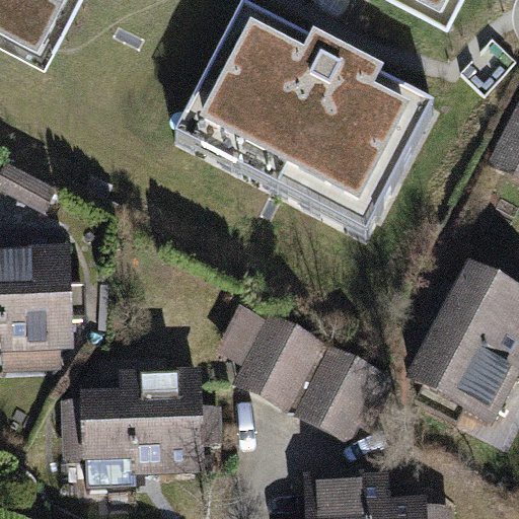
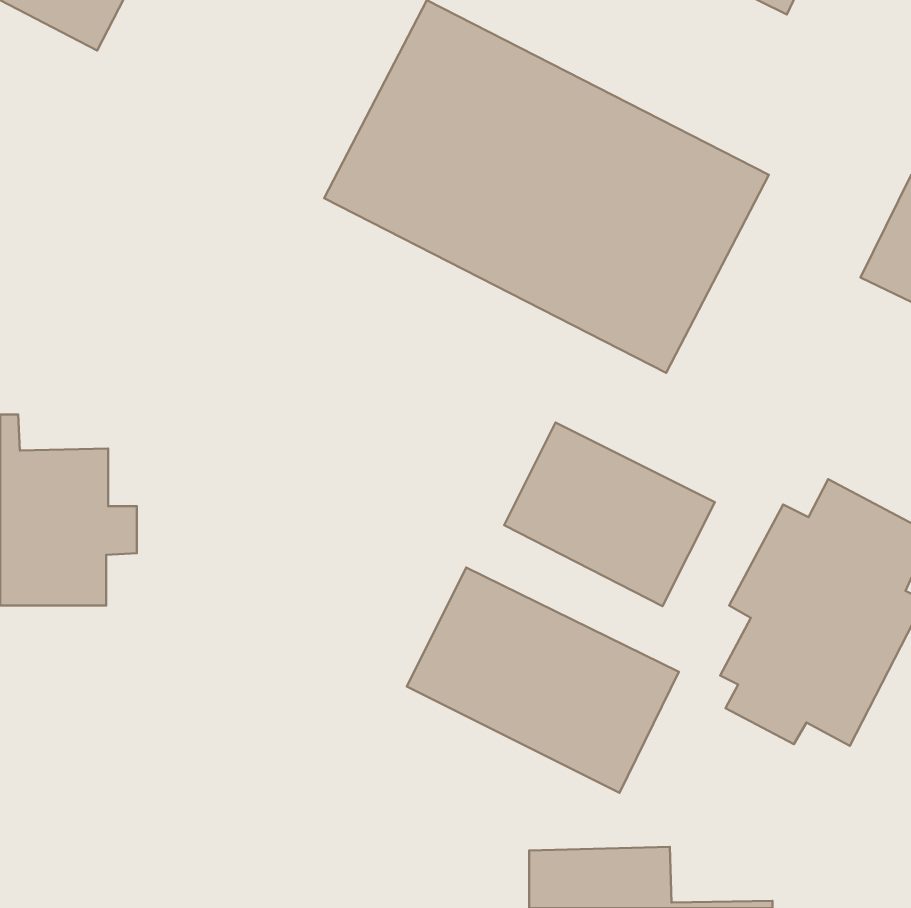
building: none -> [504,422,715,606]
building: [69,374,199,467] -> none

